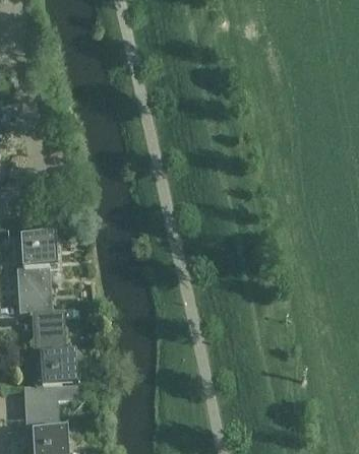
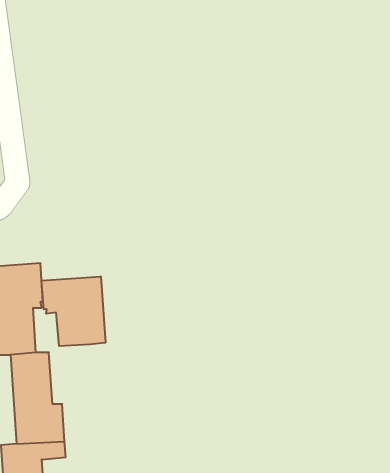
building: none -> [42,276,105,346]

